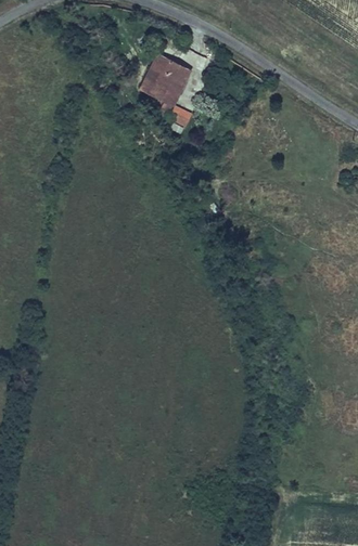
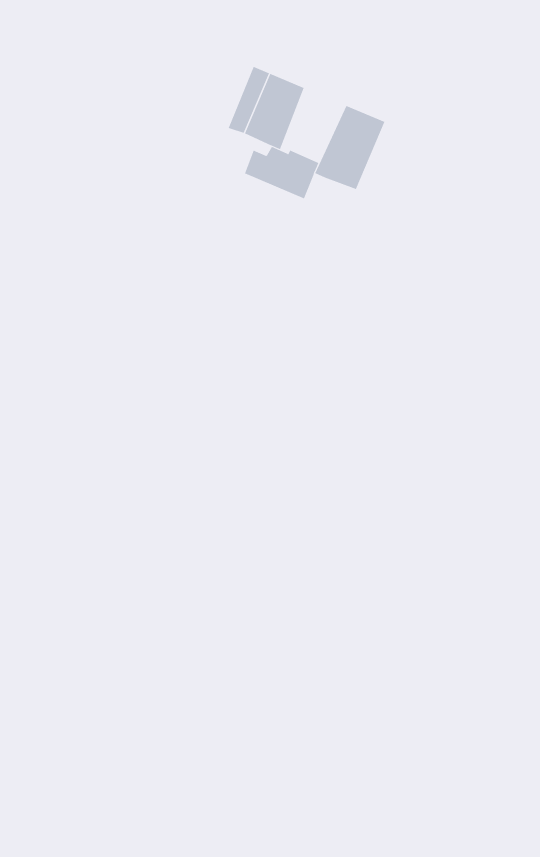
building: none -> [315,105,385,190]

